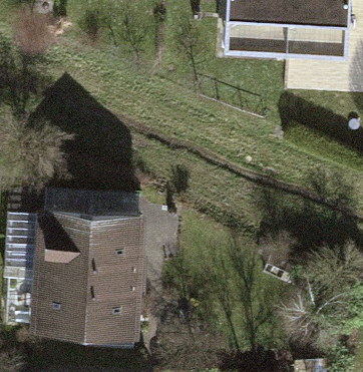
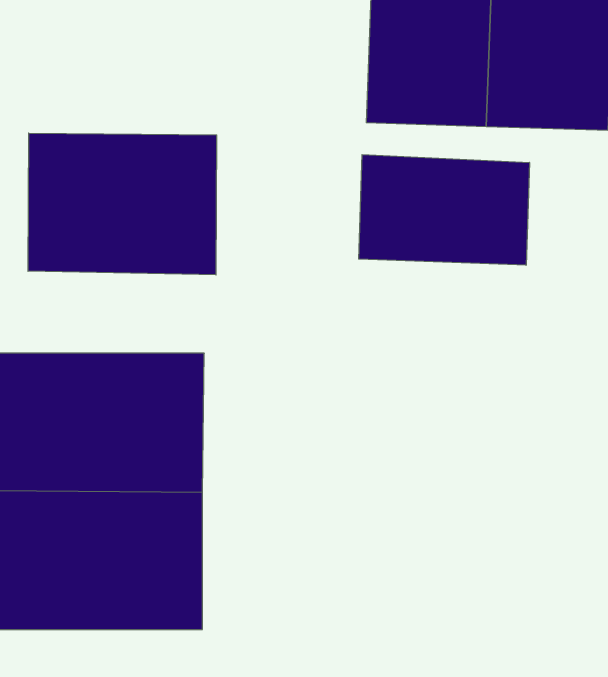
building: none -> [28,133,217,275]
building: none -> [359,155,529,265]

